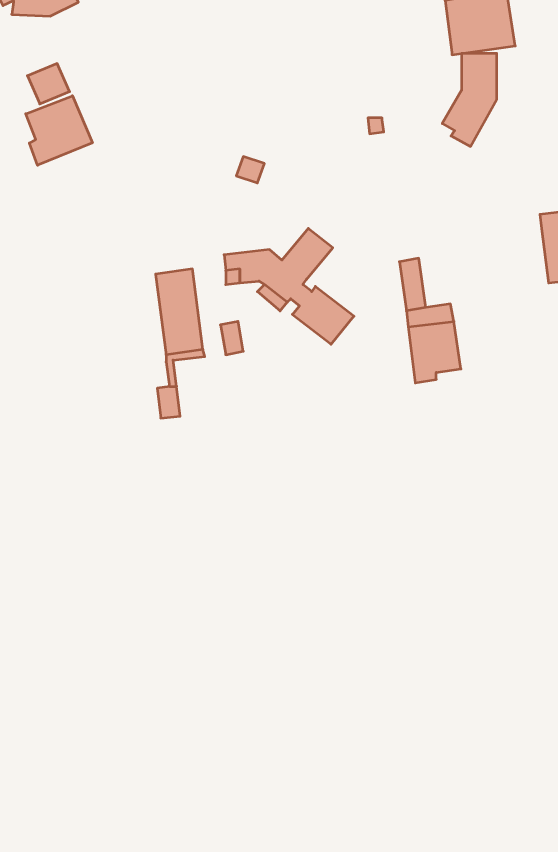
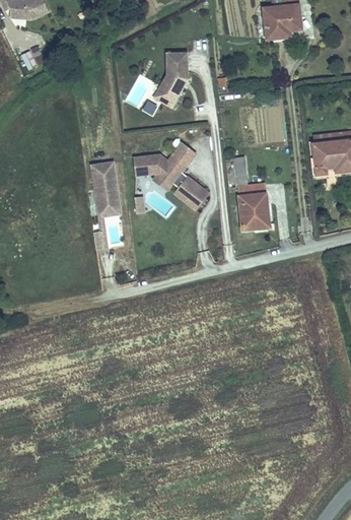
building: [442,53,497,146] -> [155,52,187,106]
building: [26,96,92,165] -> none

